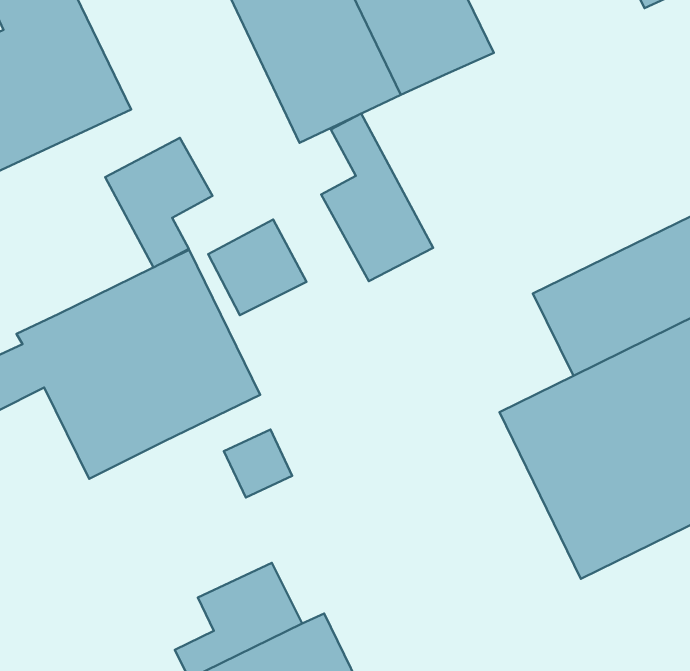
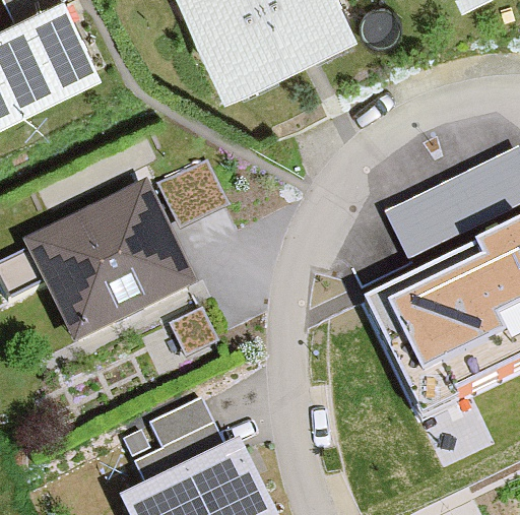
building: [321,114,433,281] -> none
building: [105,138,212,267] -> none

